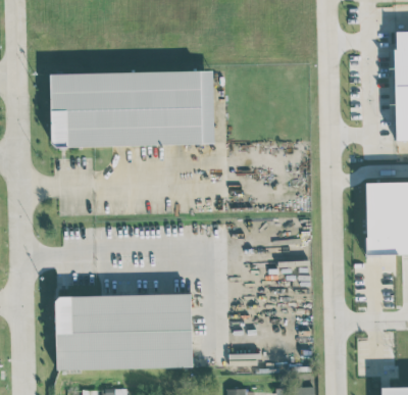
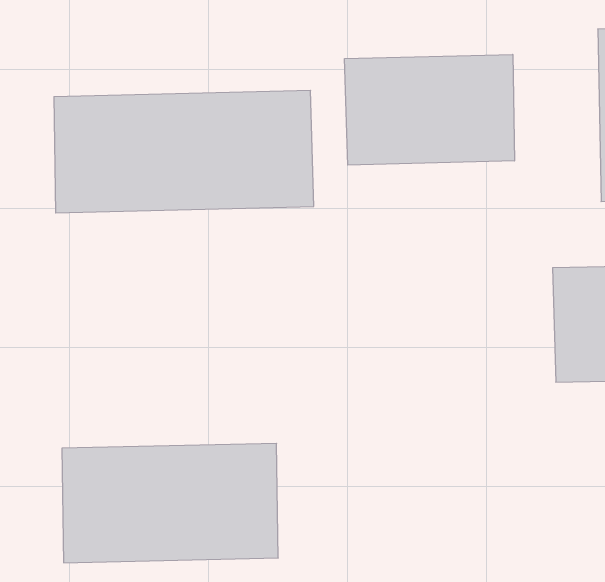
building: none -> [345,54,514,165]

